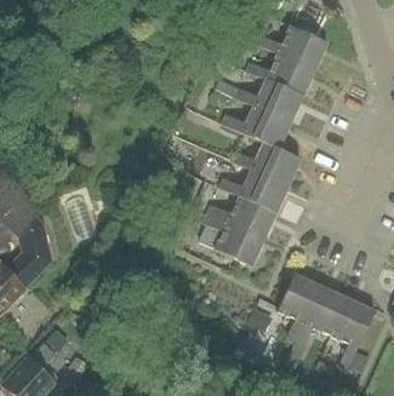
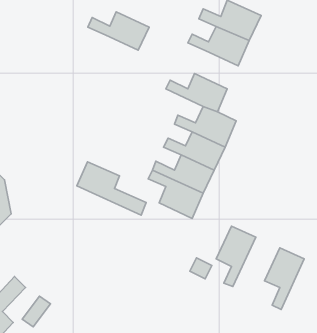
building: [234,80,302,122] -> [88,12,149,50]
building: none -> [77,162,146,215]
building: [296,286,348,345] -> none

